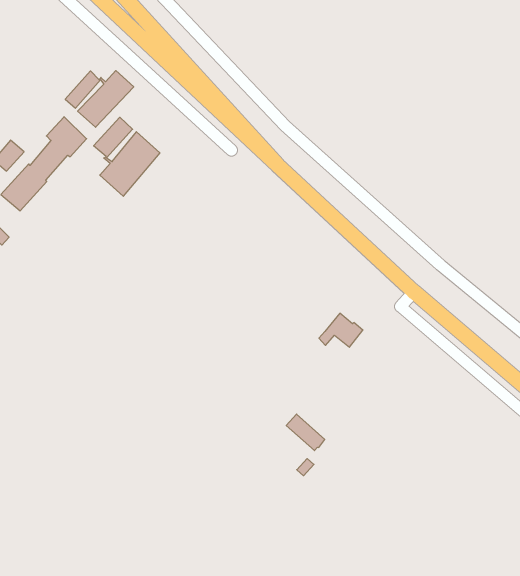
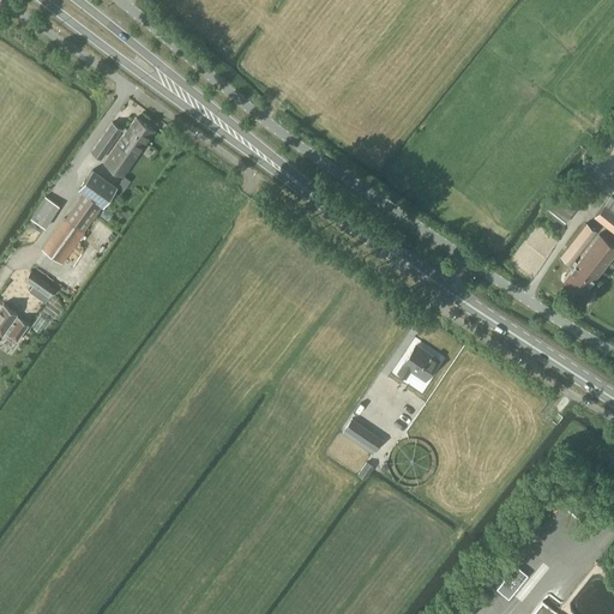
building: [94,117,160,196] -> none
building: [319,313,363,347] -> [399,347,440,379]

